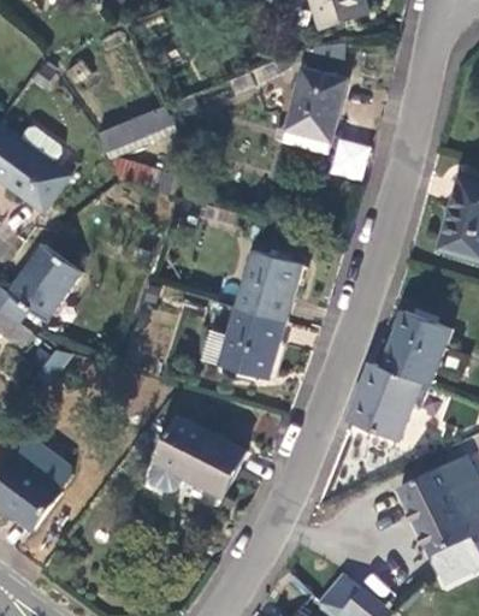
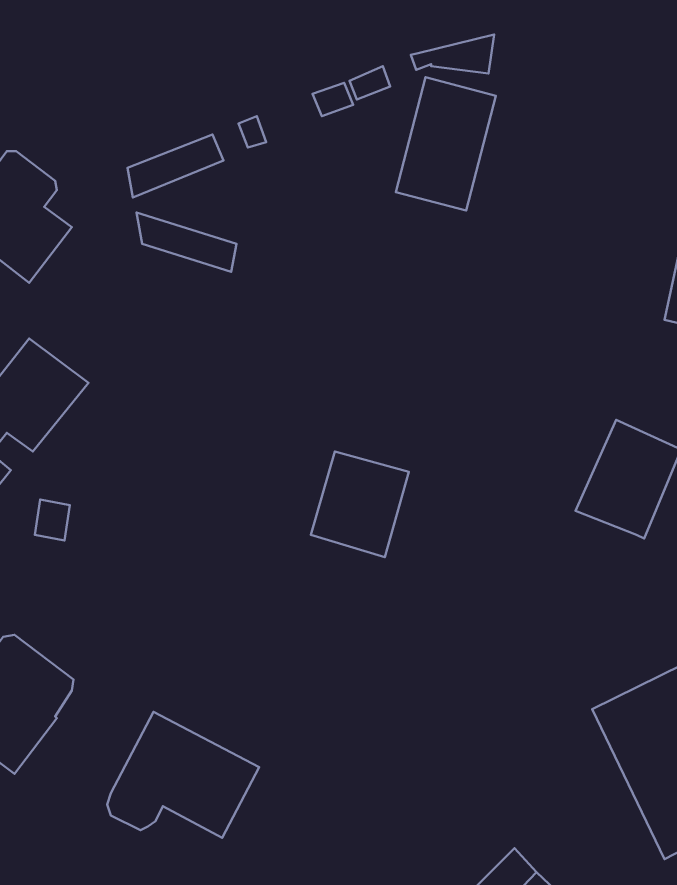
building: [327,140,366,182] -> none
building: [237,260,302,332] -> none
building: [359,353,433,427] -> none
building: [143,417,242,499] -> [107,712,259,838]

